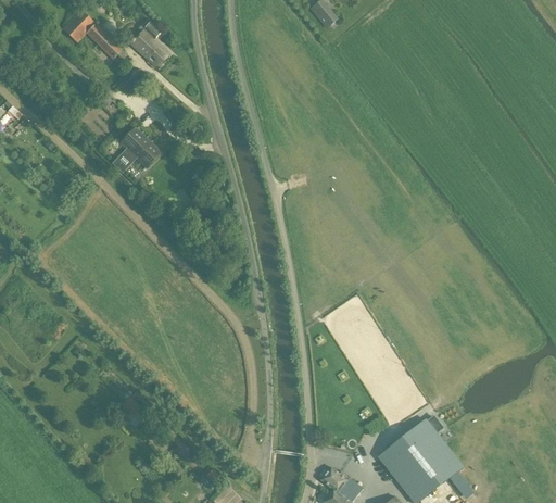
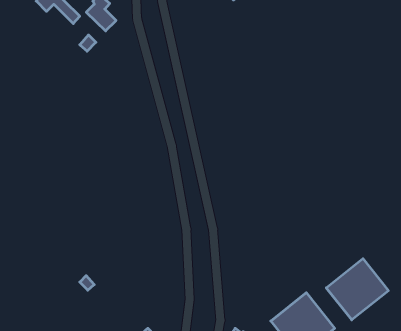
building: [112,127,160,172] -> none
building: none -> [326,259,388,320]

